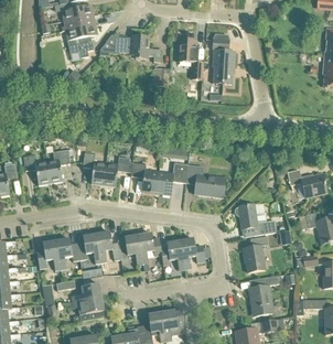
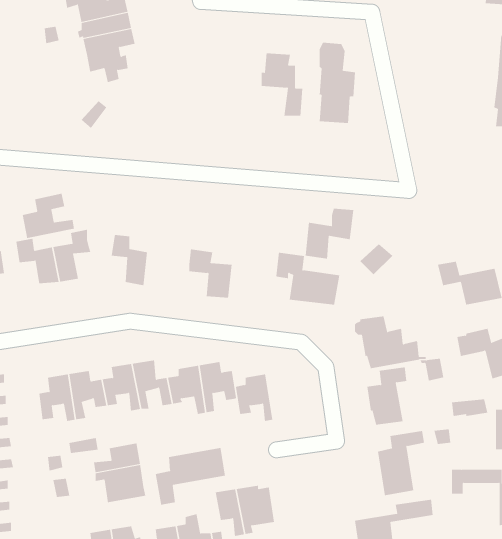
building: [99,32,161,62] -> none
building: none -> [22,193,74,239]
building: [104,155,132,185] -> none
building: [157,162,187,194] -> [305,208,354,259]
building: [180,237,205,268] -> none
building: none -> [155,447,226,506]

